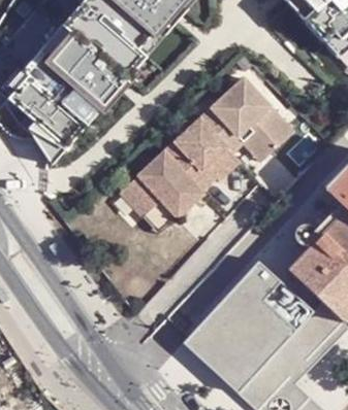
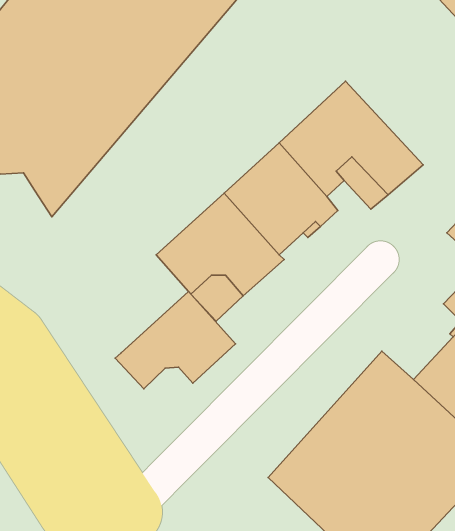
building: none -> [115,292,236,389]

